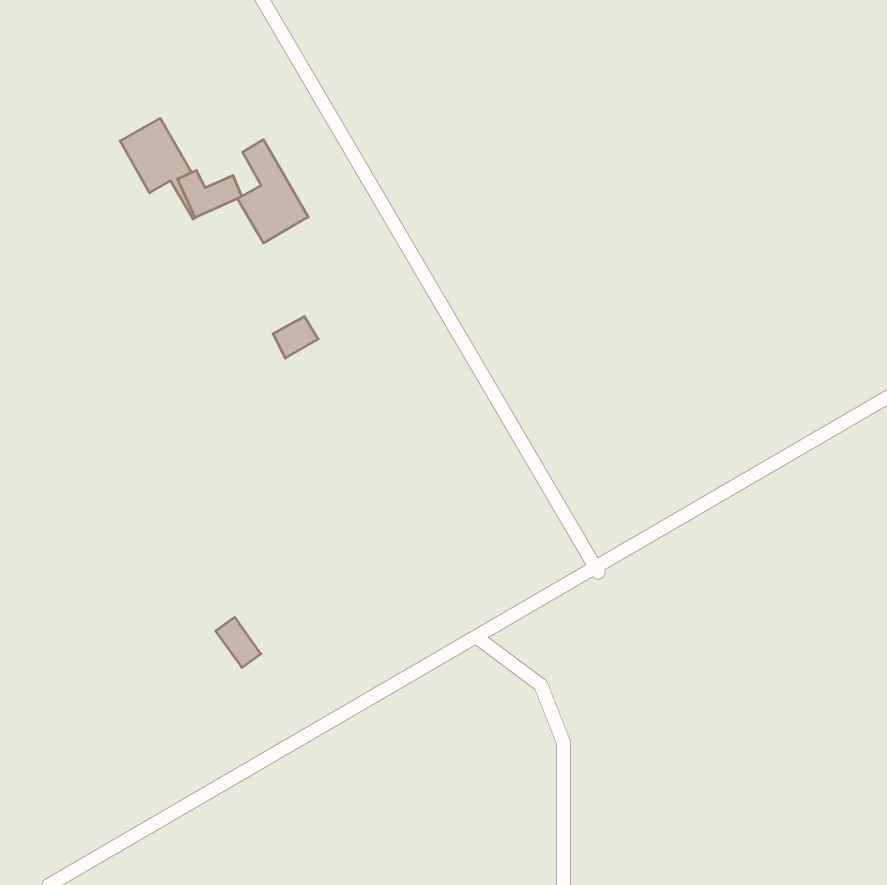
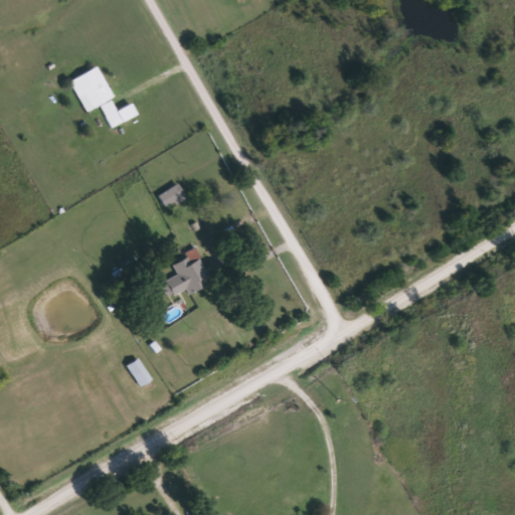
building: [238,140,308,243] -> none
building: none -> [165,245,212,296]

